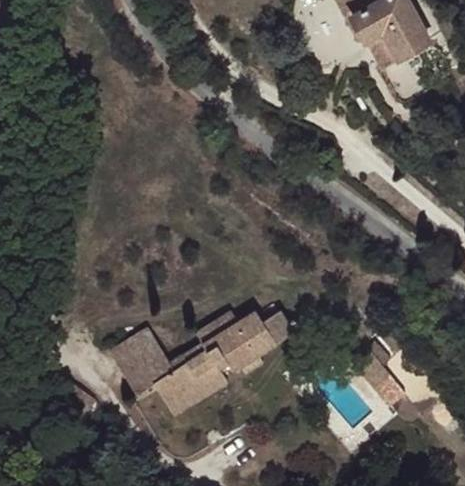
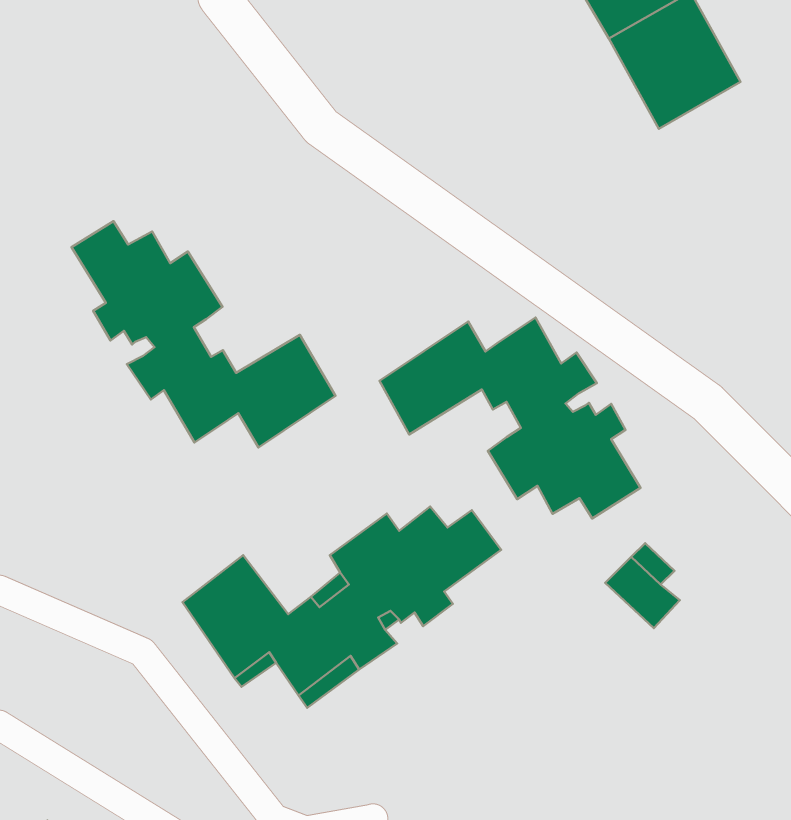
building: none -> [71,221,335,447]
building: none -> [380,318,640,518]

